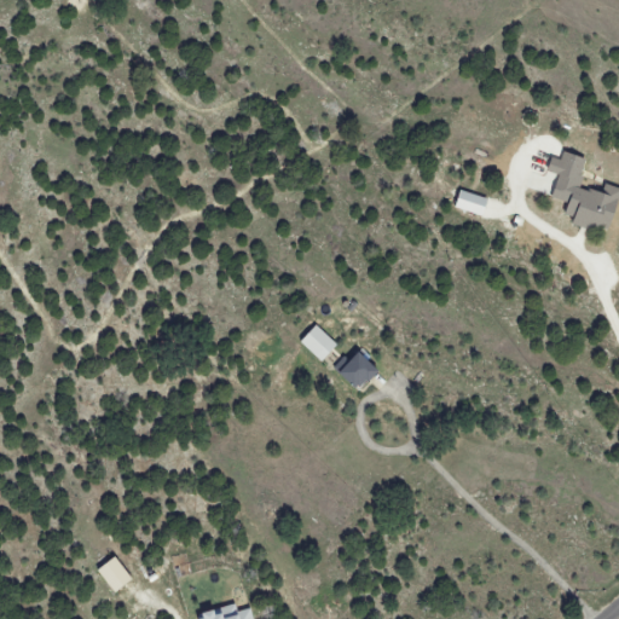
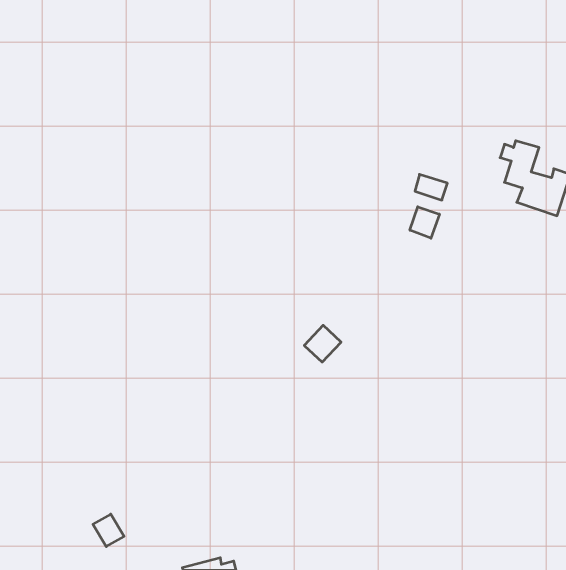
building: none -> [410,207,439,238]
building: [300,324,337,361] -> none

